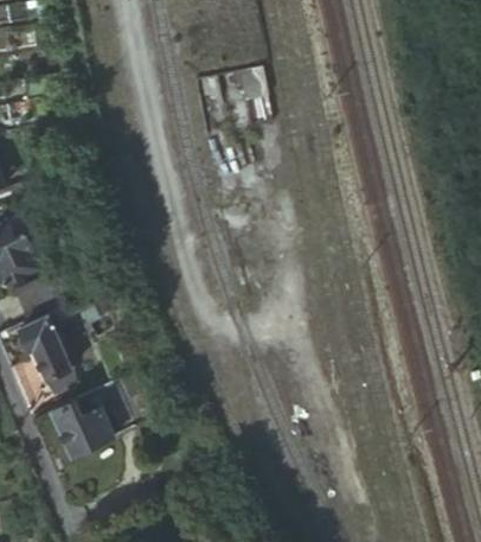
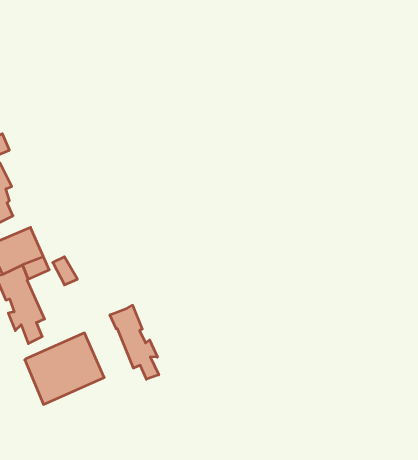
building: none -> [110,305,159,379]

